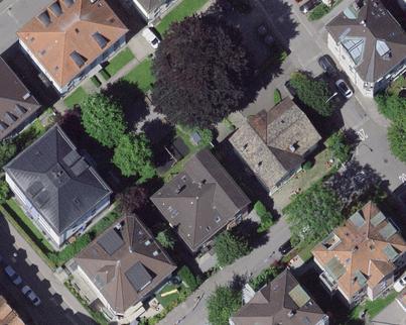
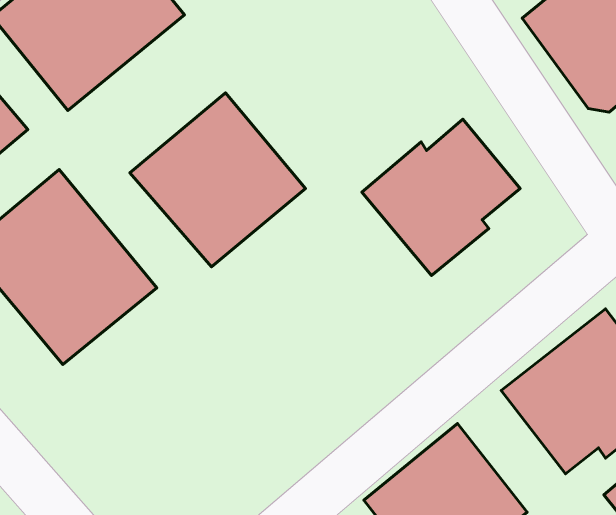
building: [150,144,252,245] -> [130,93,305,267]
building: [74,214,176,307] -> none

